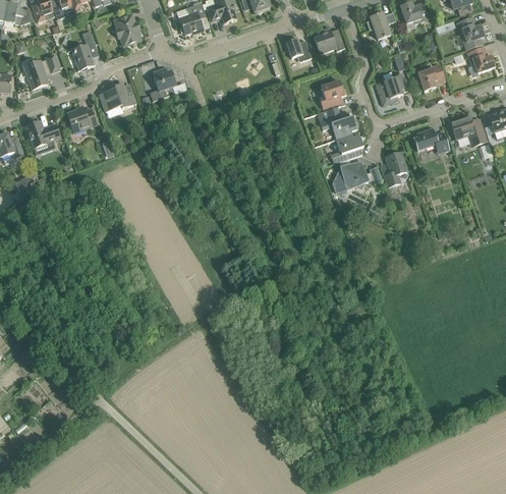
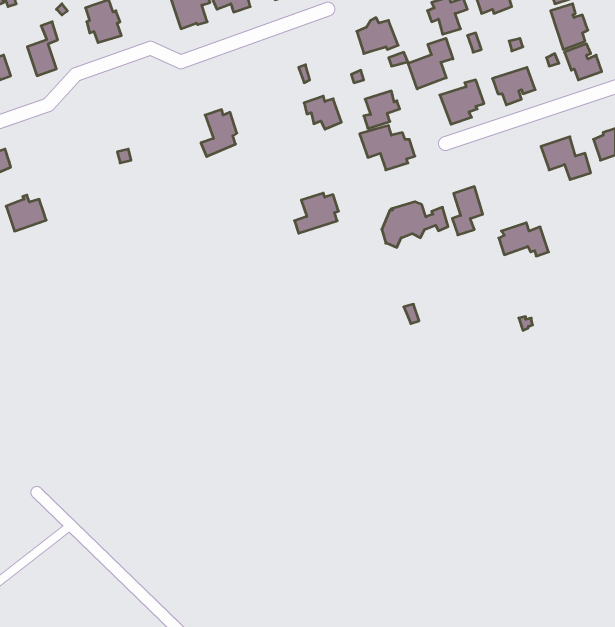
building: [283,38,311,62] -> [304,96,341,129]
building: none -> [408,38,453,89]
building: [149,67,175,102] -> [201,110,237,157]
building: [99,83,135,111] -> none
building: [66,105,96,131] -> [6,195,46,231]
building: [412,127,449,152] -> [499,223,549,256]
building: [330,133,362,163] -> [294,193,339,233]

